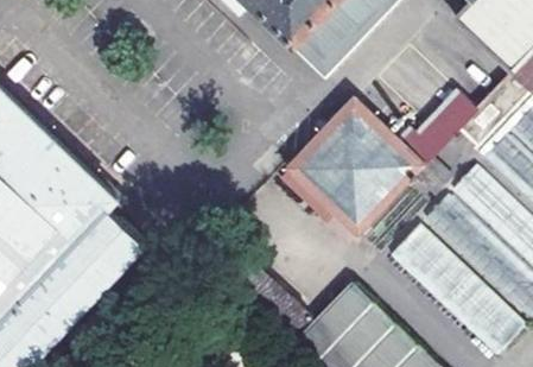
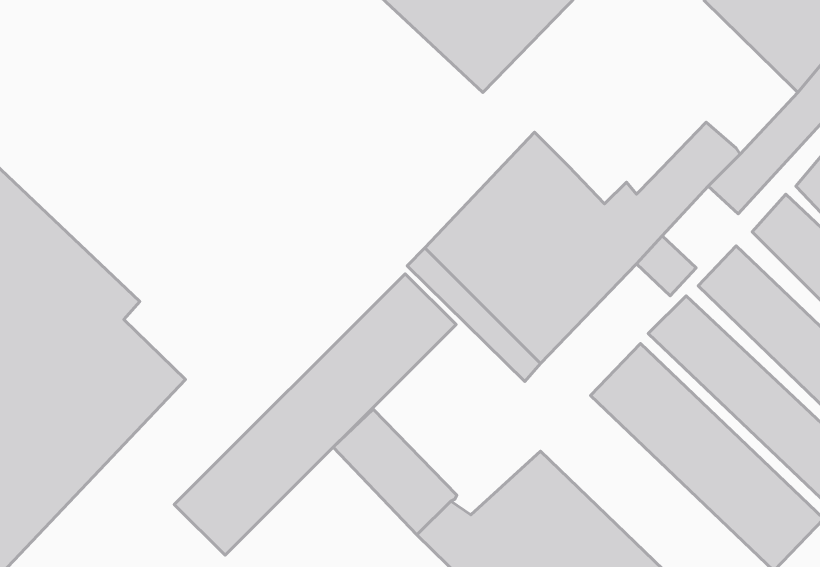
building: none -> [174,274,456,555]

